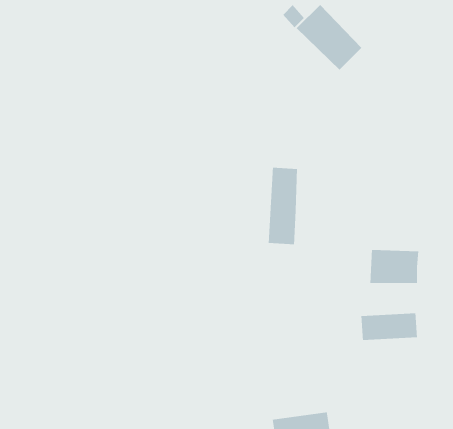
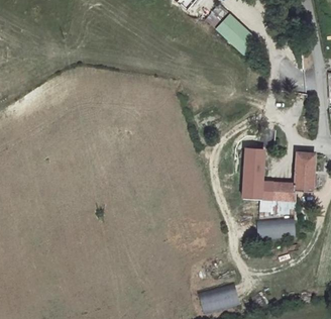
building: [268,167,298,245] -> [244,148,264,201]
building: none -> [295,150,314,190]

